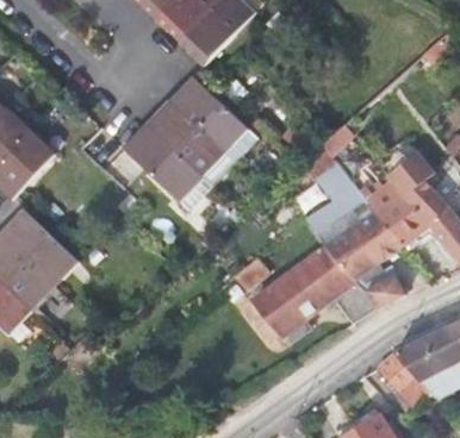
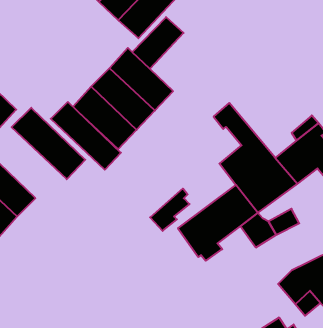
building: none -> [132,17,184,69]
building: none -> [51,102,121,170]
building: none -> [12,108,85,179]

